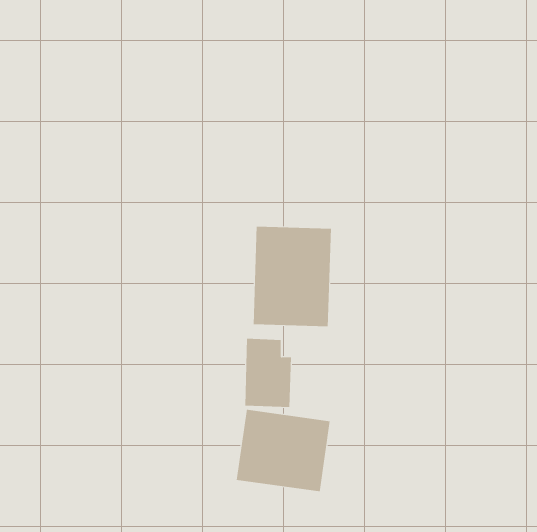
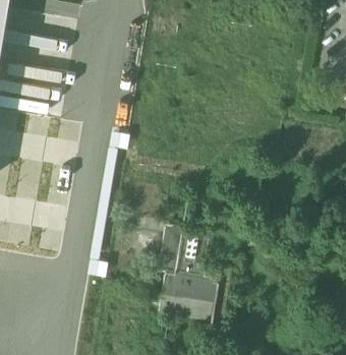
building: [253,226,331,327] -> none

